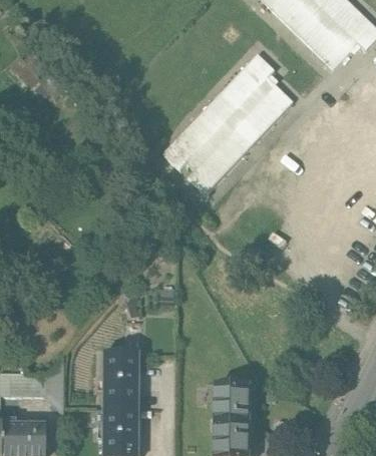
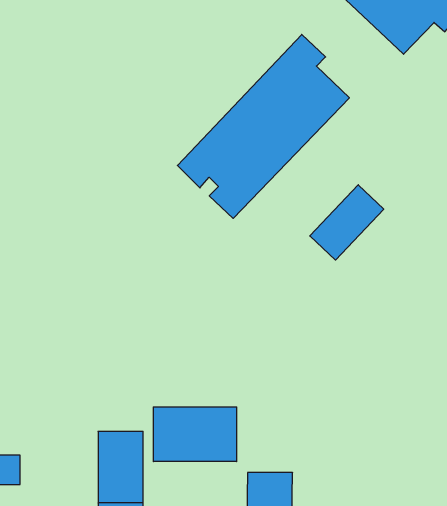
building: none -> [310,185,384,260]
building: none -> [153,407,237,462]

